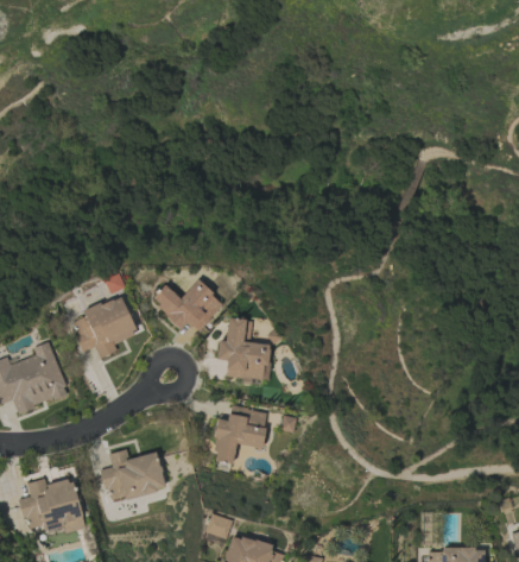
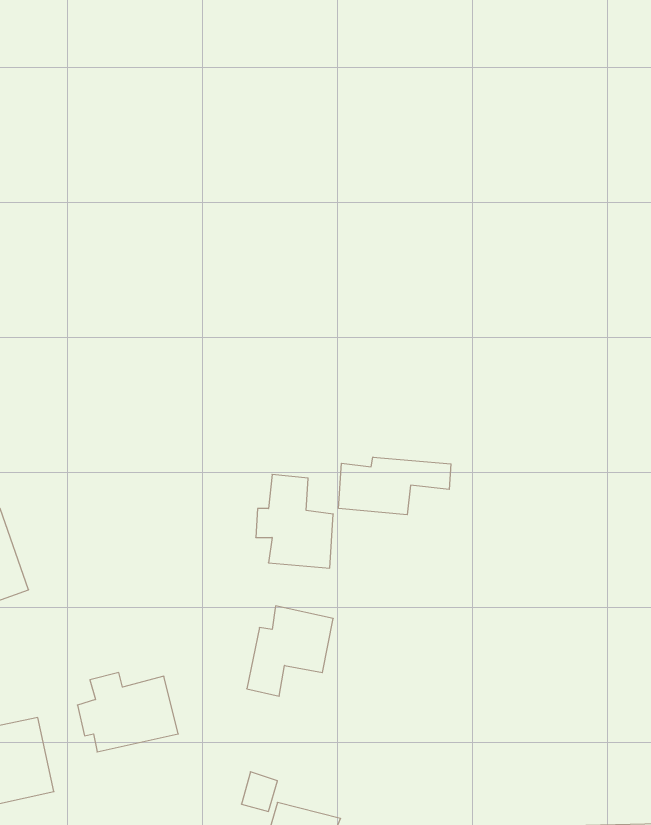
building: [151,280,222,334] -> none
building: [71,295,138,359] -> none
building: none -> [339,457,451,515]

